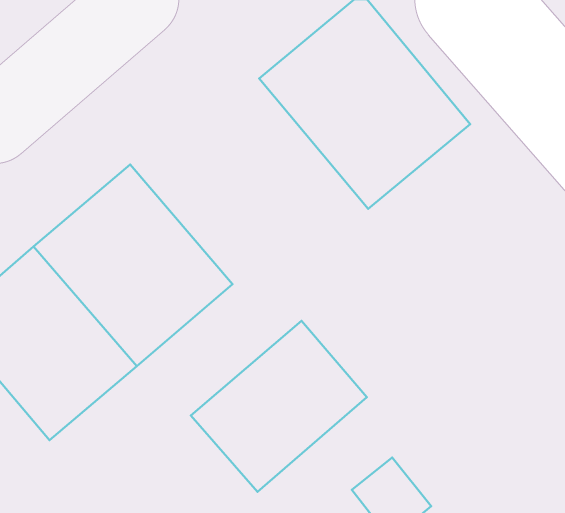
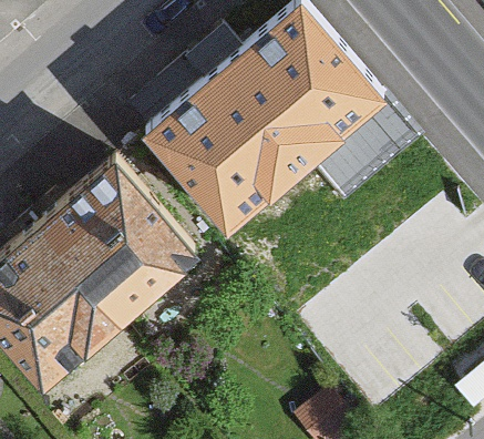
building: none -> [137,72,306,244]
building: [191,321,367,492] -> none

